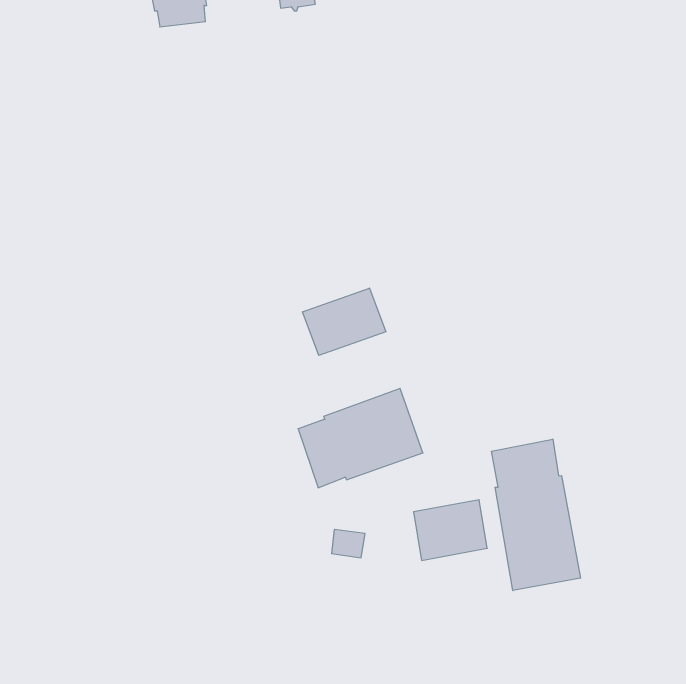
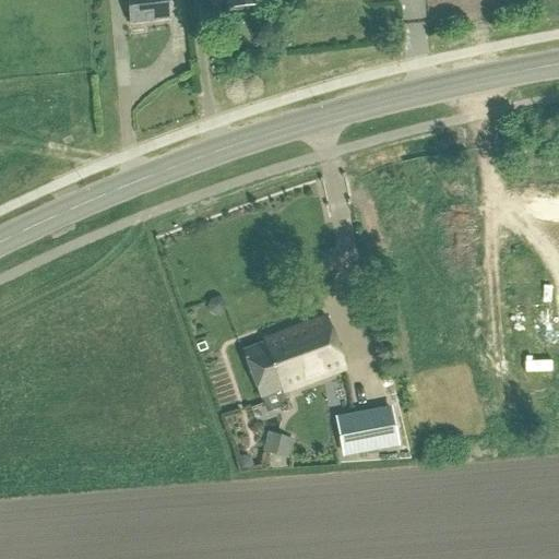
building: [303,288,386,355] -> none
building: [491,439,581,591] -> none

